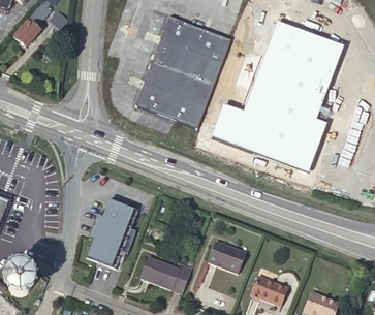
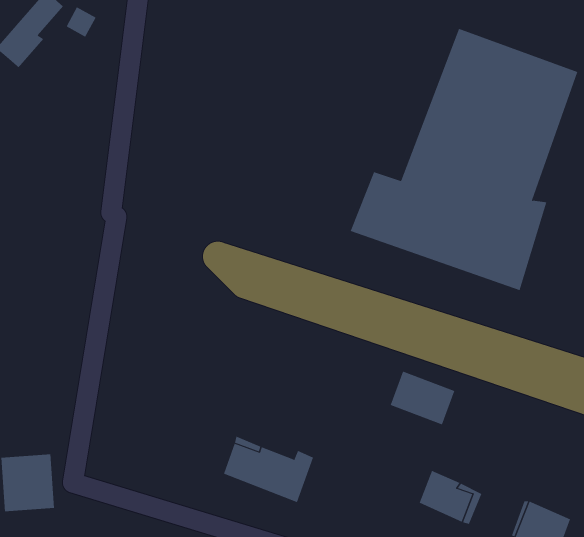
building: [134,17,229,129] -> none
building: [88,200,138,270] -> none
building: [208,240,245,271] -> [390,371,455,425]

